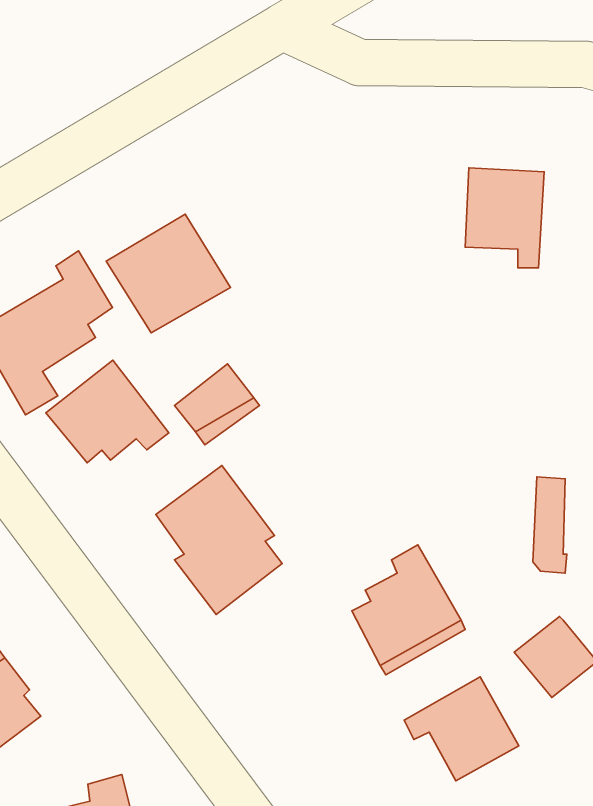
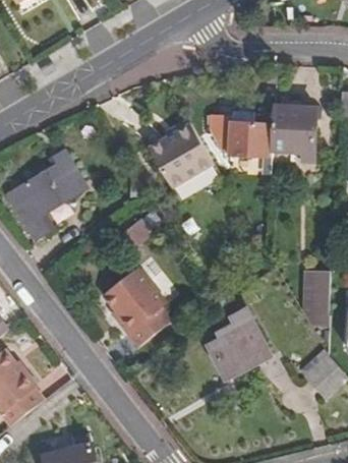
building: none -> [210,117,271,184]
building: [106,214,231,333] -> [146,122,213,186]
building: [46,360,169,463] -> none
building: [404,677,519,781] -> none

